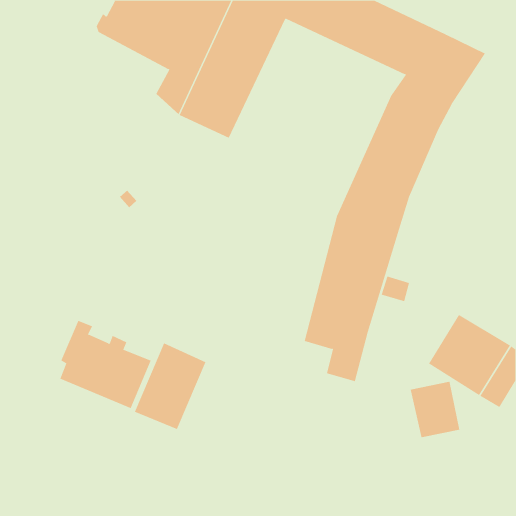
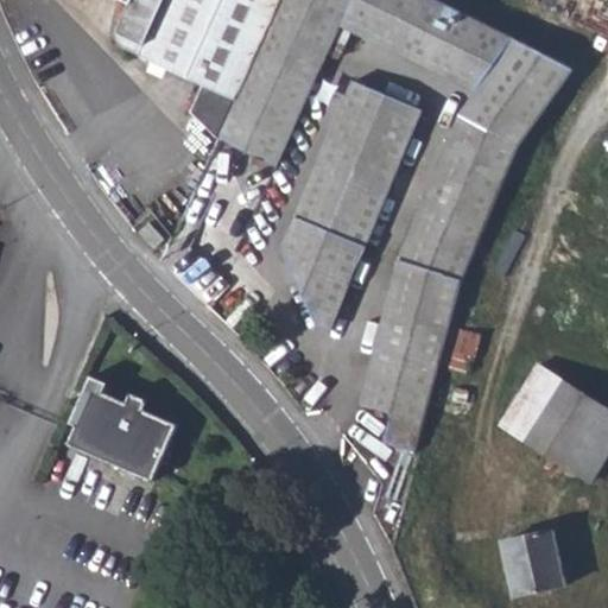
building: none -> [278,76,422,327]
building: [134,342,206,430] -> none
building: [410,381,460,438] -> [507,532,566,598]

